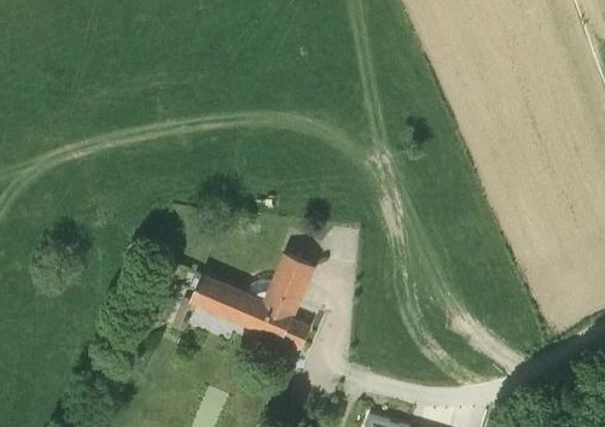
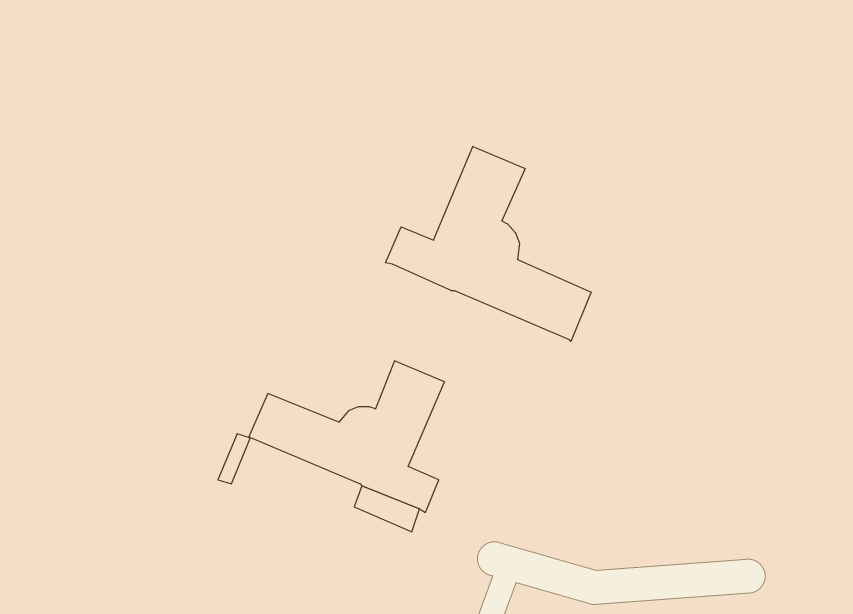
building: none -> [385,146,591,341]

